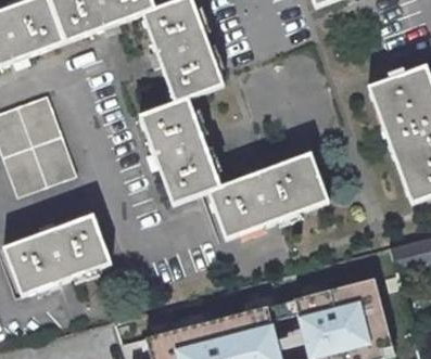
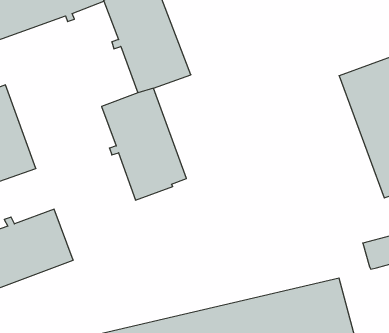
building: [206,152,329,240] -> none

